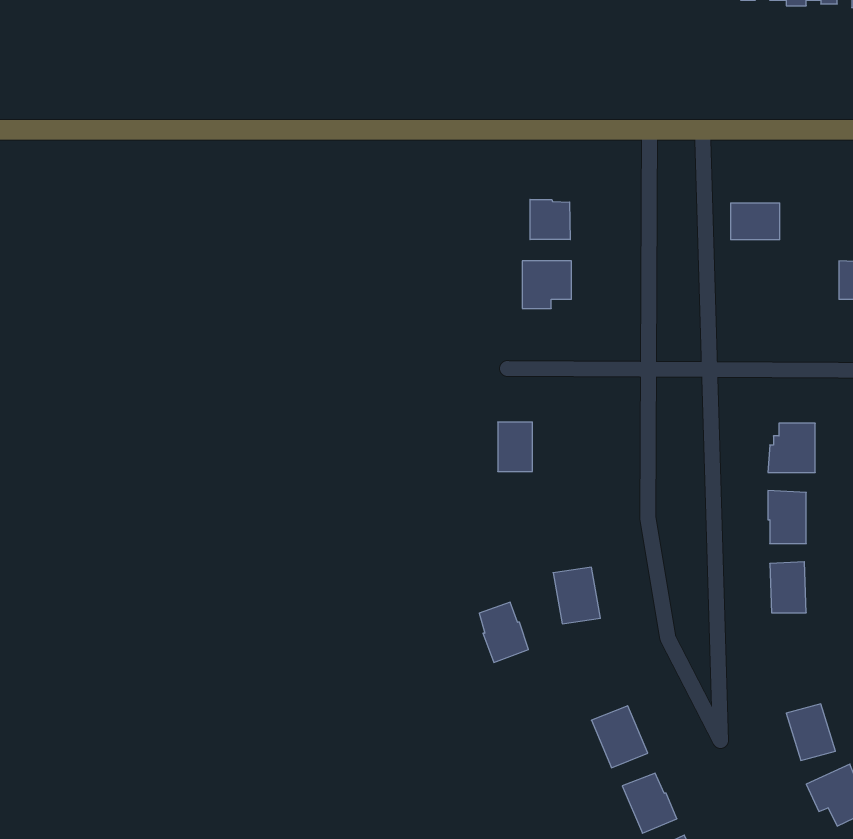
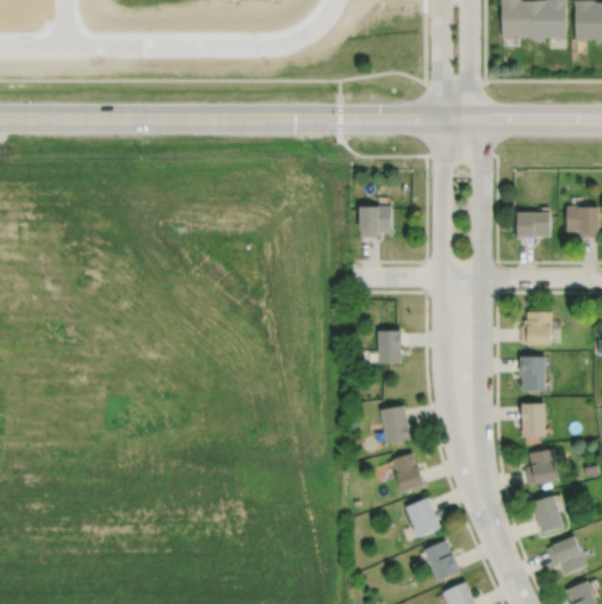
building: [530,199,570,240] -> none
building: [731,203,780,240] -> [517,213,550,237]
building: [498,422,532,471] -> [378,331,401,363]
building: [479,602,528,662] -> [392,453,424,492]
building: none -> [525,449,559,486]

